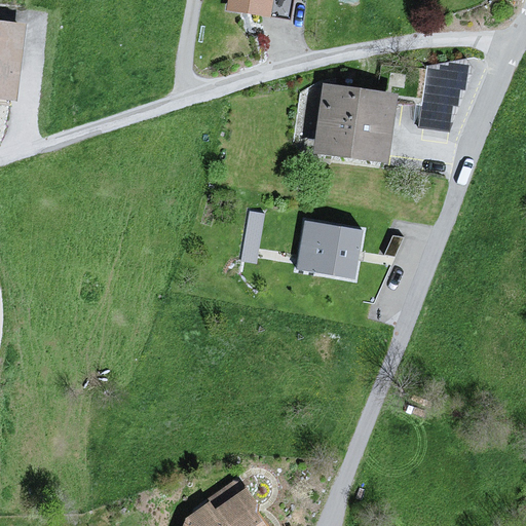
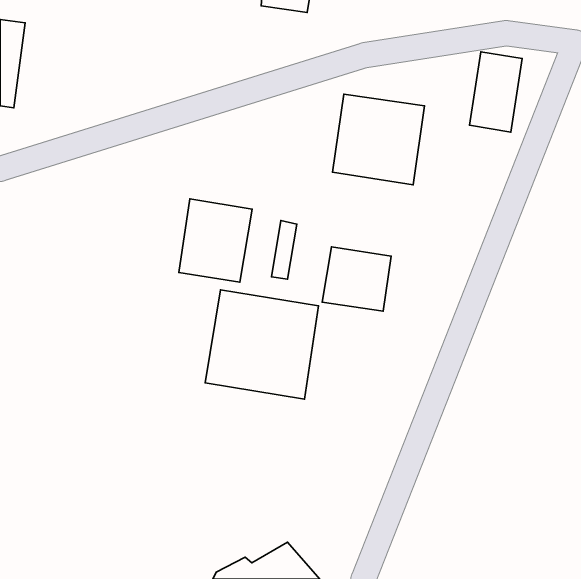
building: none -> [179,199,252,282]
building: none -> [205,290,319,399]

